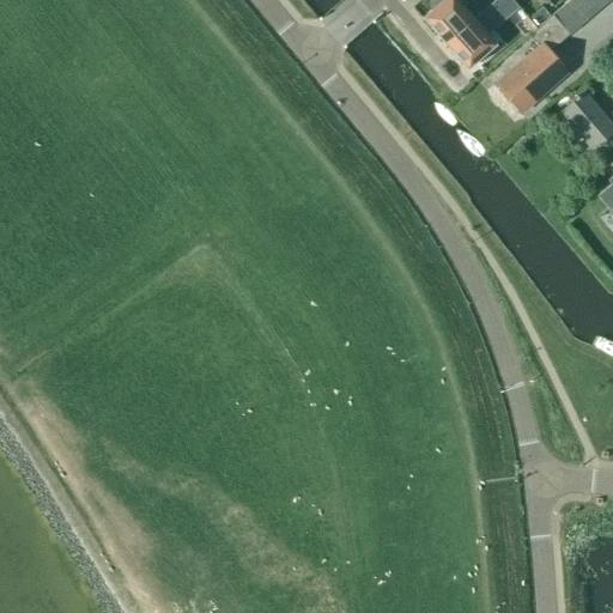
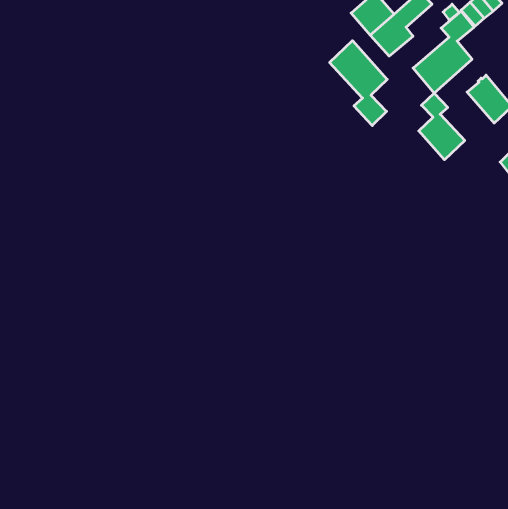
building: none -> [330,41,387,126]
building: none -> [419,93,465,160]

